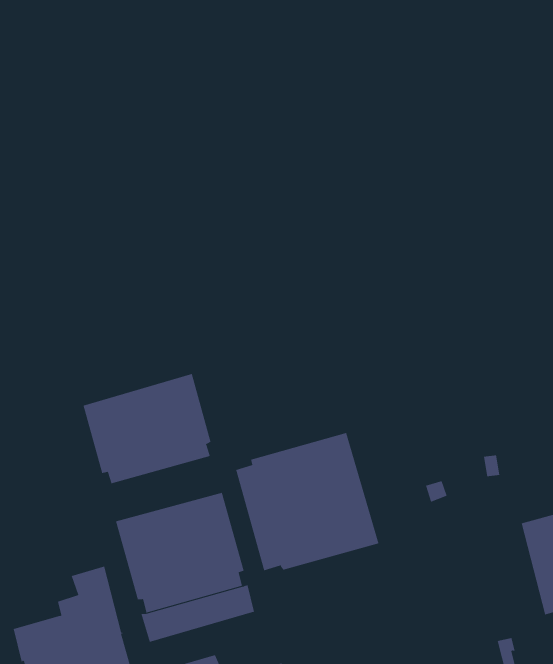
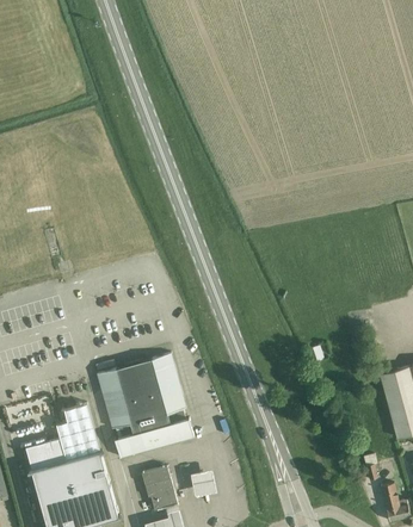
building: [83,373,211,484] -> none
building: [235,432,379,571] -> none

